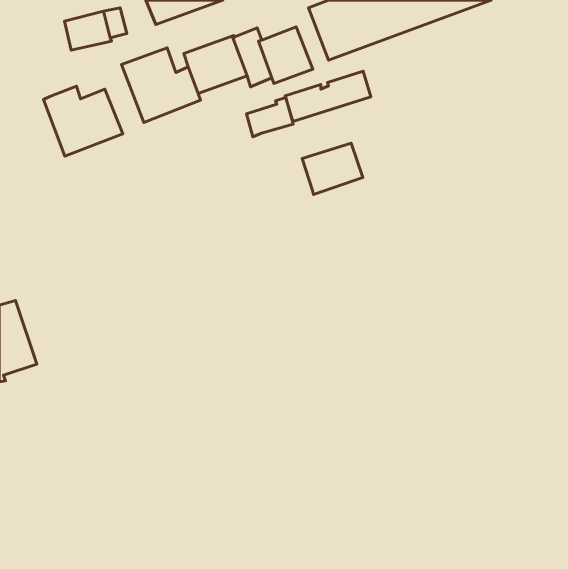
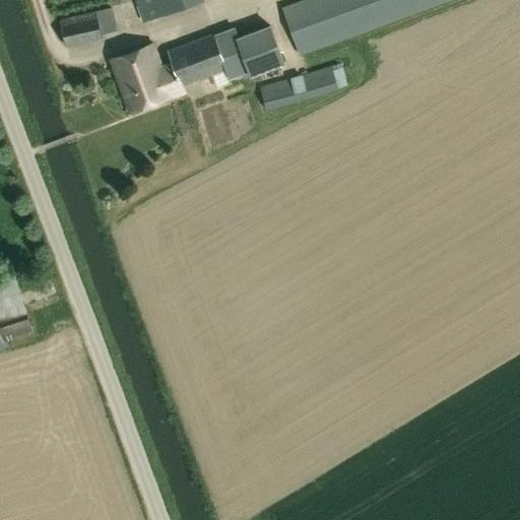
building: [43,86,123,156] -> none
building: [246,98,293,137] -> none
building: [302,143,363,195] -> none

